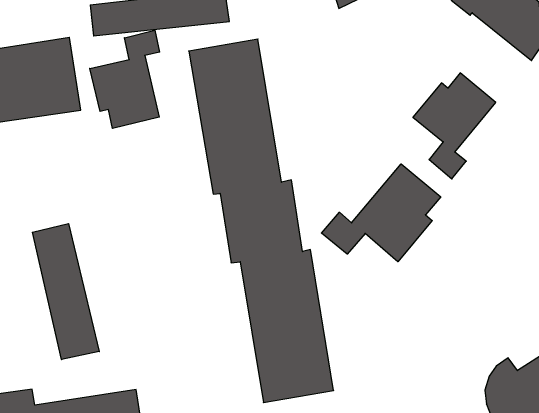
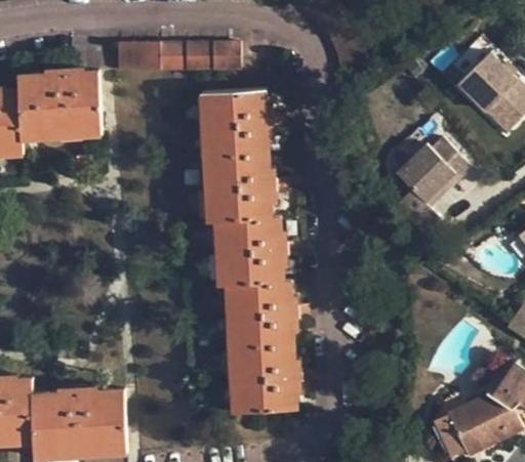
building: [90,30,160,128] -> none
building: [321,164,441,262] -> none
building: [32,224,99,360] -> none

